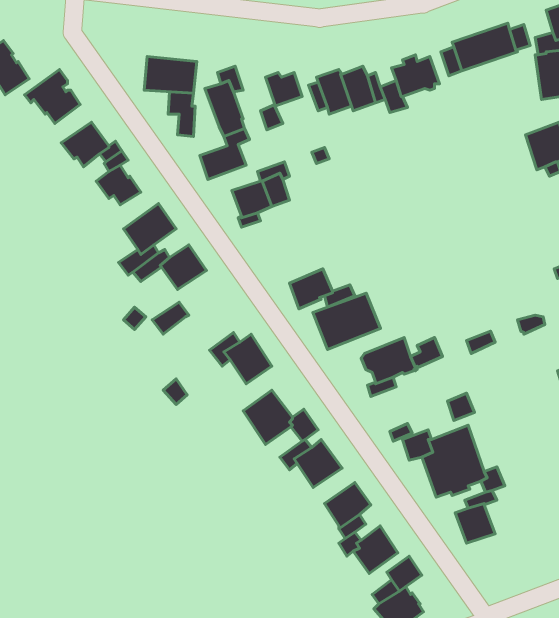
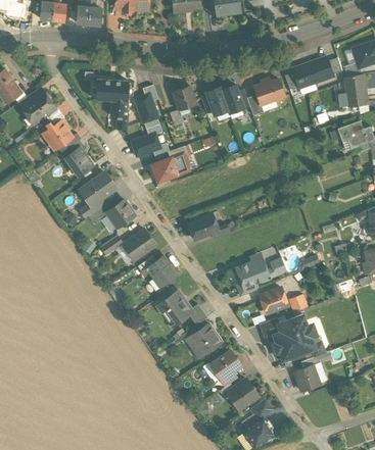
building: none -> [121,230,155,260]
building: [313,293,380,350] -> none
building: none -> [257,287,286,311]

